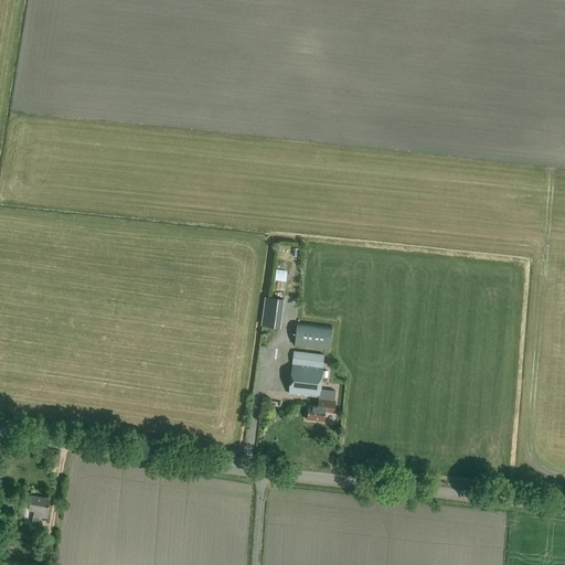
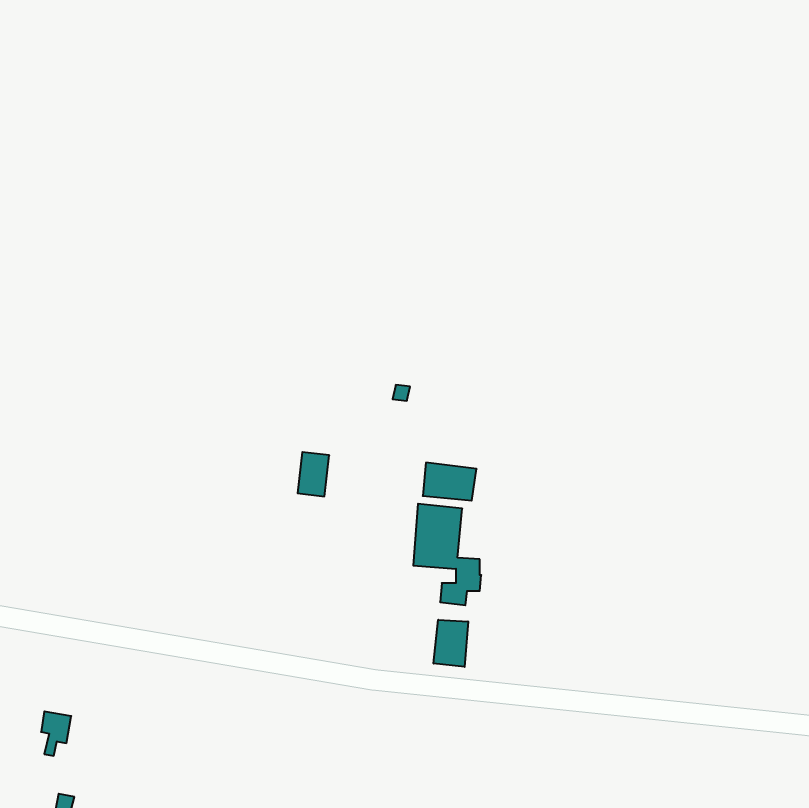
building: [262,298,284,329] -> [298,452,329,496]
building: none -> [434,620,468,667]

